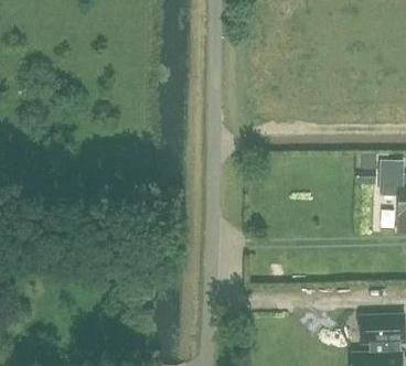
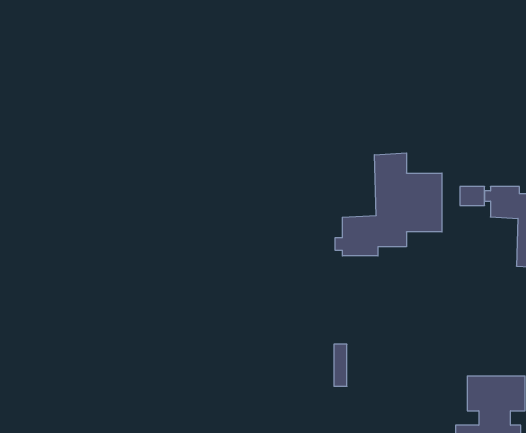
building: none -> [335,153,442,256]

